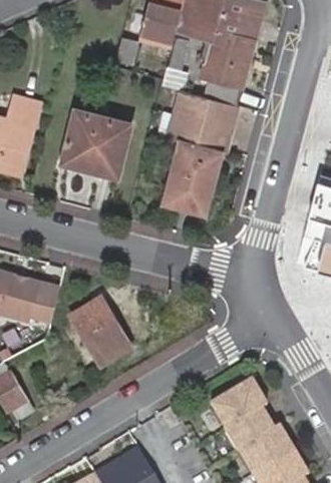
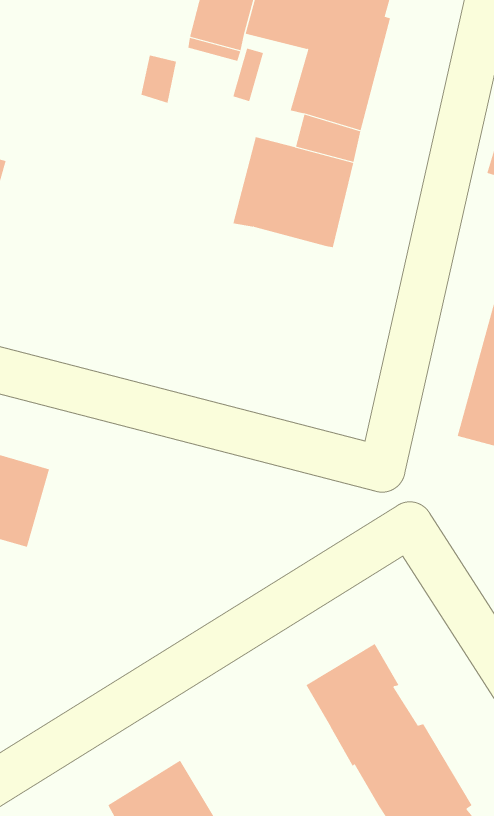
building: [58,110,129,176] -> none
building: [163,142,222,213] -> none
building: [72,302,129,363] -> none

